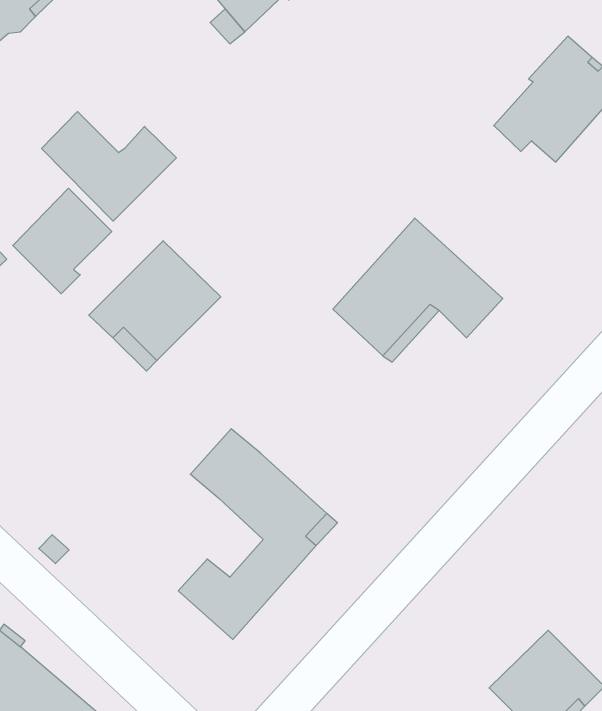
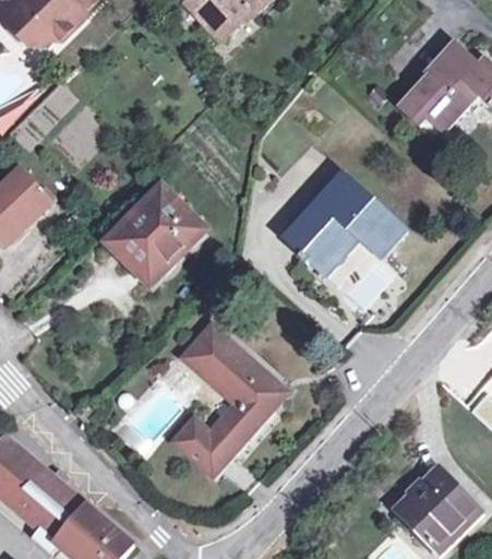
building: [42,112,176,221] -> none
building: [13,188,112,294] -> none

